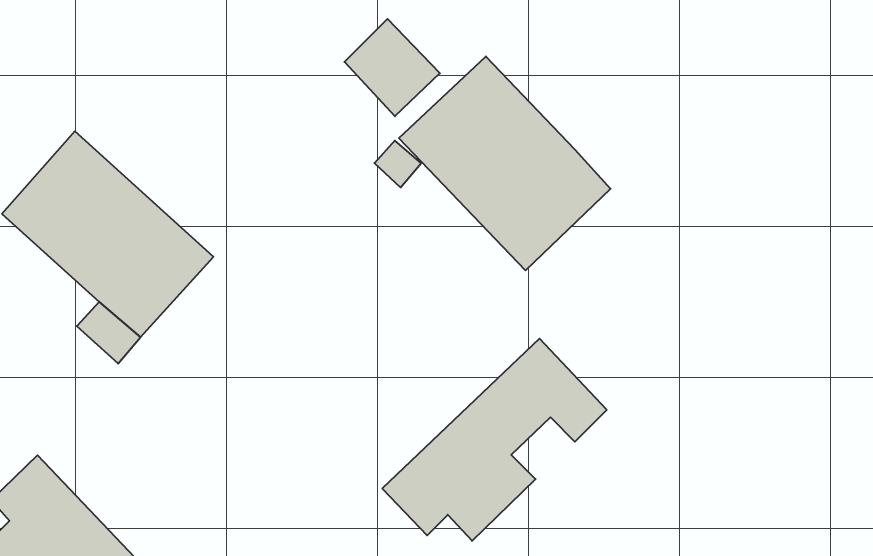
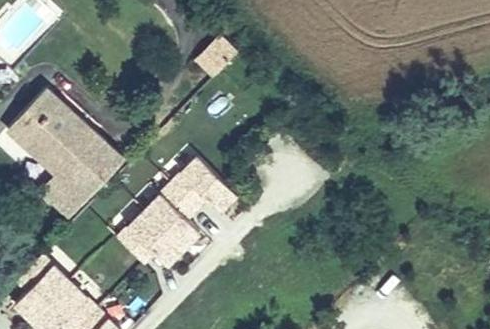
building: [399,56,611,270] -> none
building: [382,339,607,541] -> [108,163,228,271]

